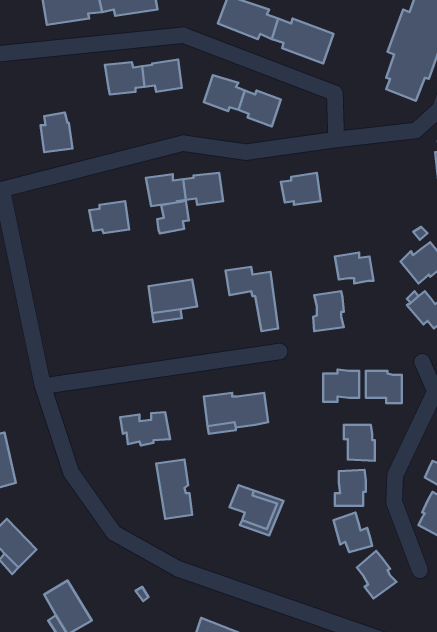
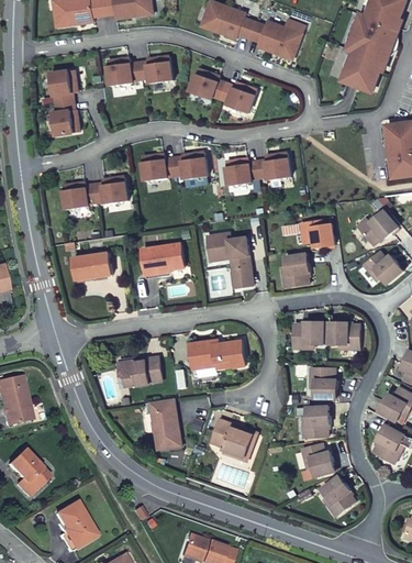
building: none -> [48,69,76,104]
building: none -> [225,158,259,186]
building: [157,201,189,233] -> none
building: none -> [62,183,96,210]
building: none -> [74,253,111,279]

